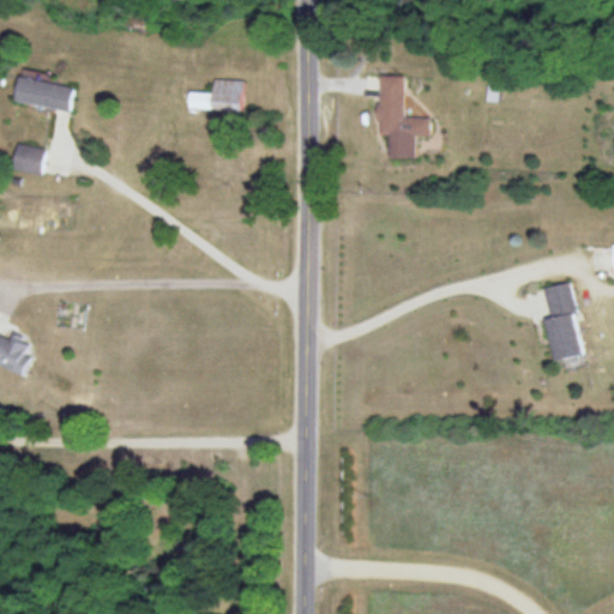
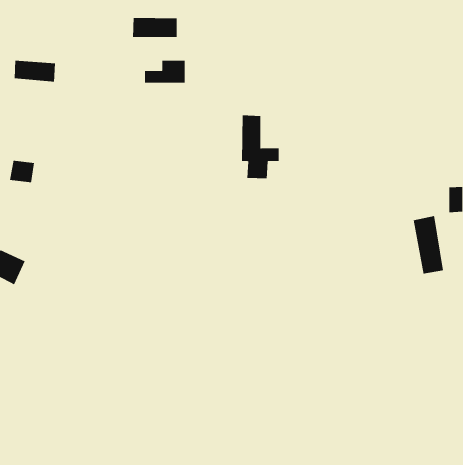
building: none -> [133,17,177,38]
building: [378,74,428,158] -> [241,115,279,179]
building: [11,145,44,175] -> [9,160,35,183]

